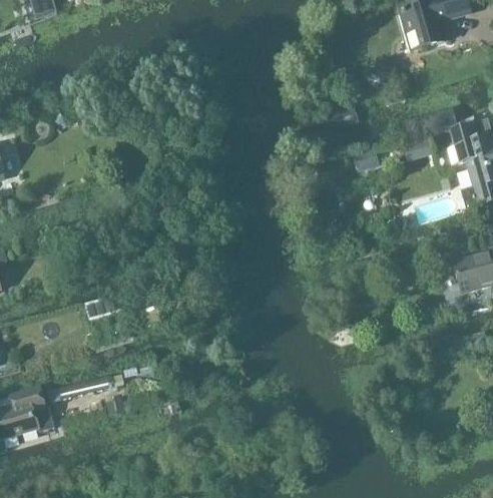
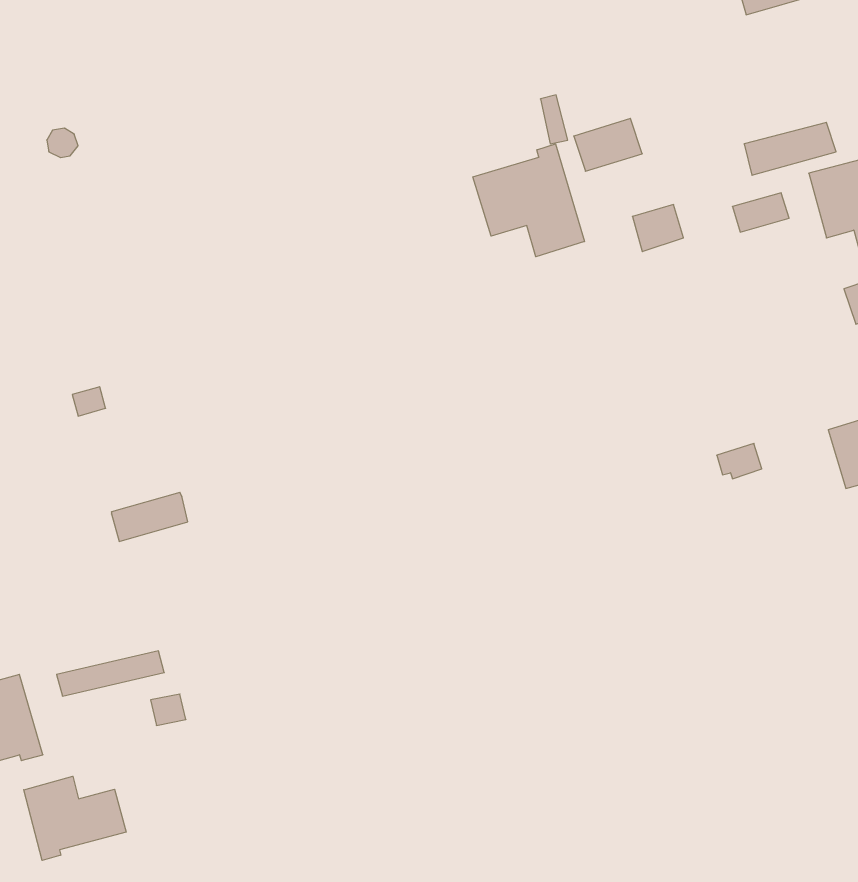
building: none -> [473,144,584,257]
building: none -> [24,776,126,860]

